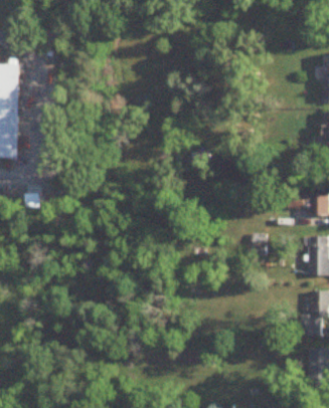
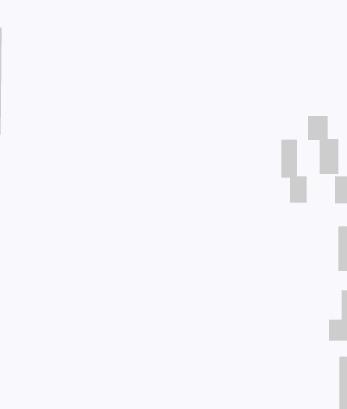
building: none -> [308,115,339,175]
building: none -> [281,139,307,204]

